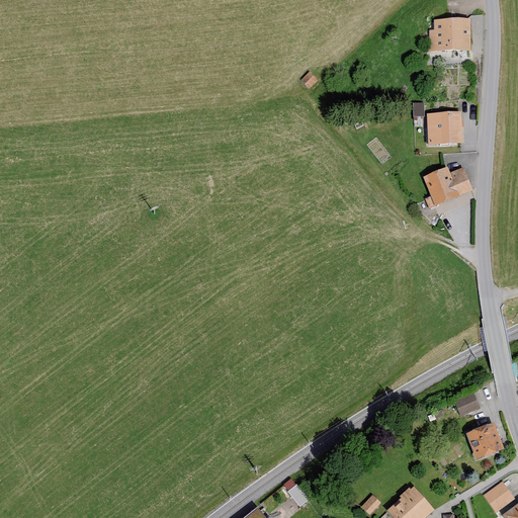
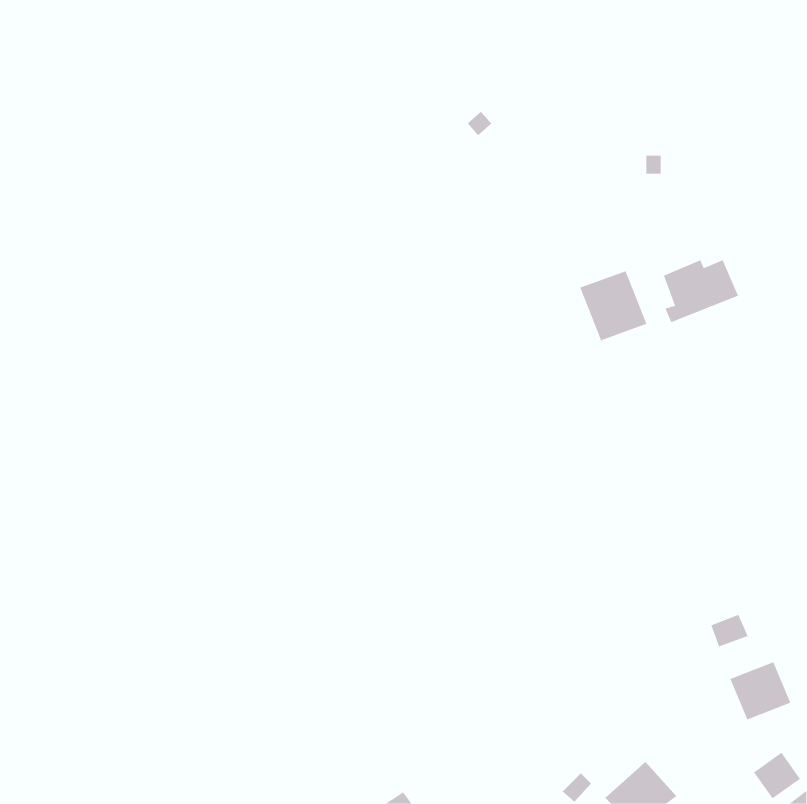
building: [429,19,469,50] -> none
building: [426,110,463,144] -> none
building: none -> [580,270,647,341]

